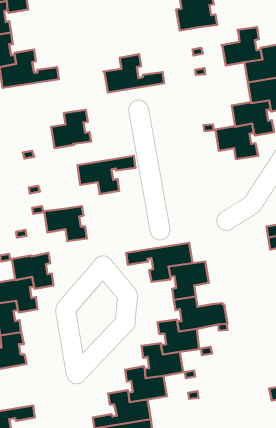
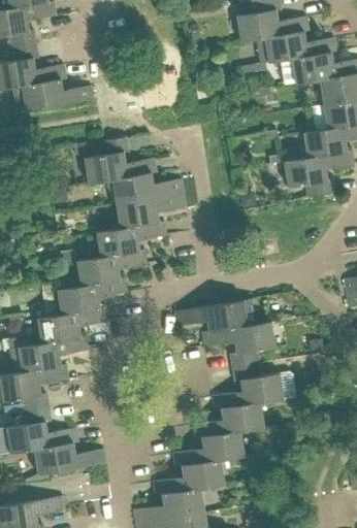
building: none -> [263,18,312,64]
building: [104,54,164,93] -> [110,159,184,205]
building: none -> [95,226,147,269]
building: none -> [56,283,107,326]
building: none -> [33,428,105,474]

